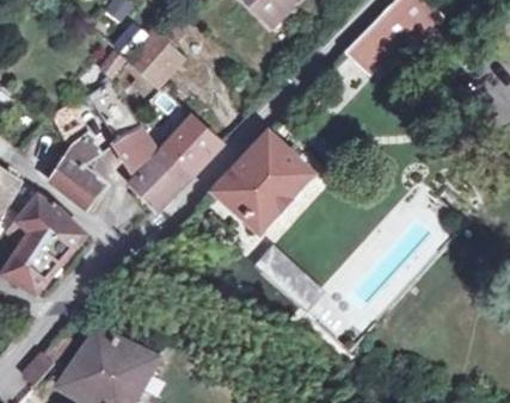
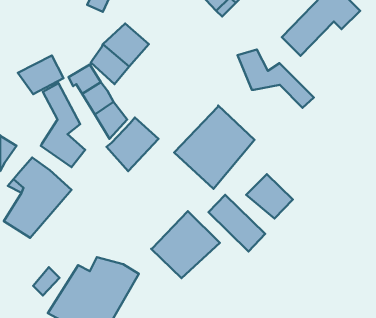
building: none -> [238,50,314,108]
building: none -> [18,55,64,94]
building: [165,118,222,174] -> none
building: none -> [246,174,293,218]
building: none -> [151,211,220,278]

